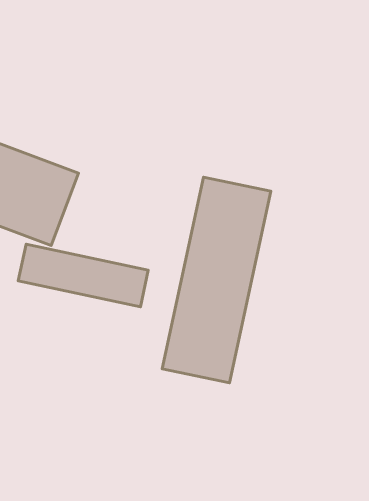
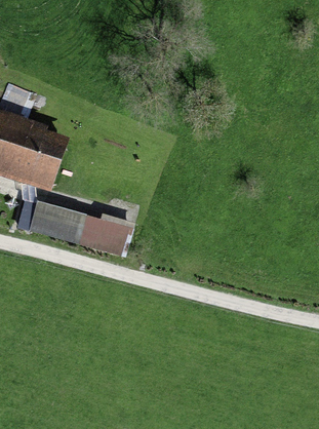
building: [162,177,271,383] -> none

